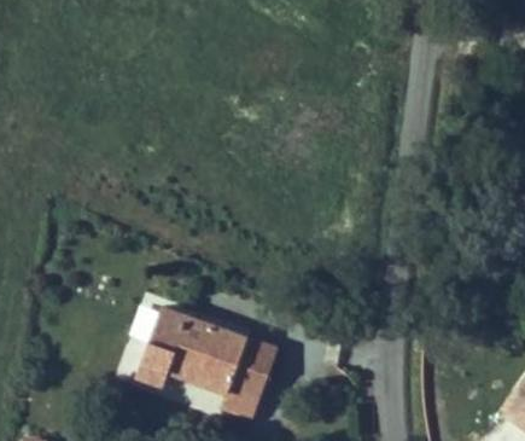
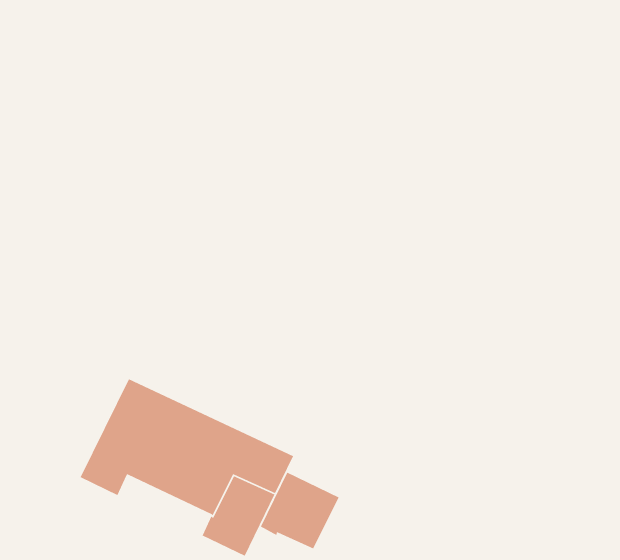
building: none -> [260,471,340,550]

